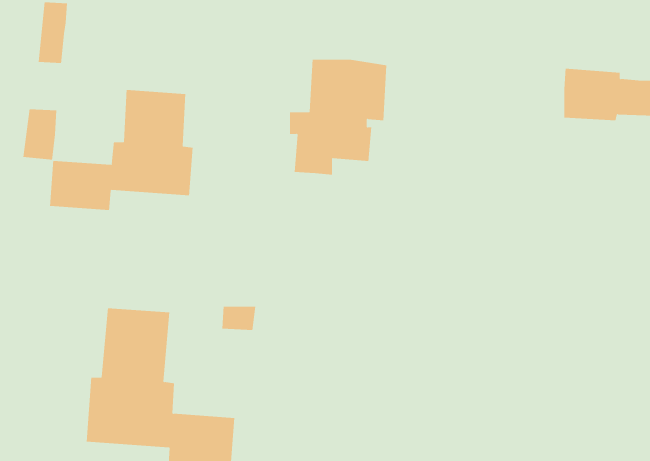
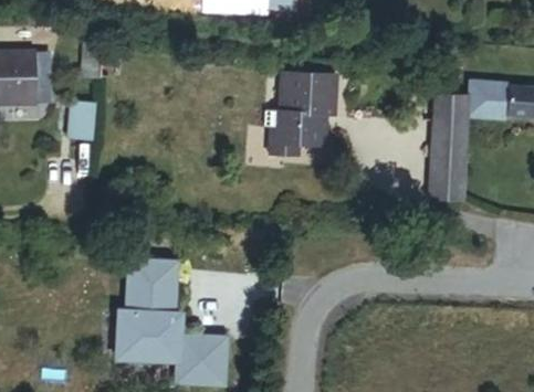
building: none -> [428,93,467,199]
building: [50,89,193,211] -> none

